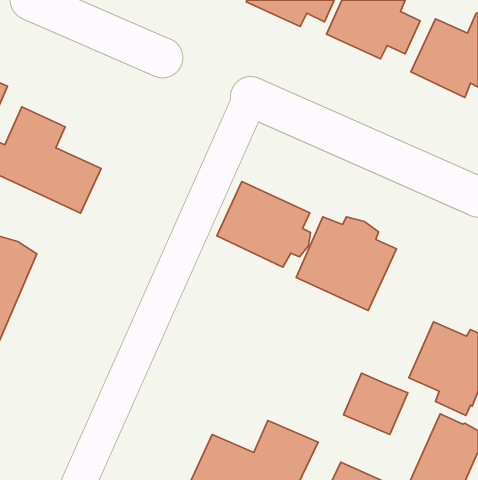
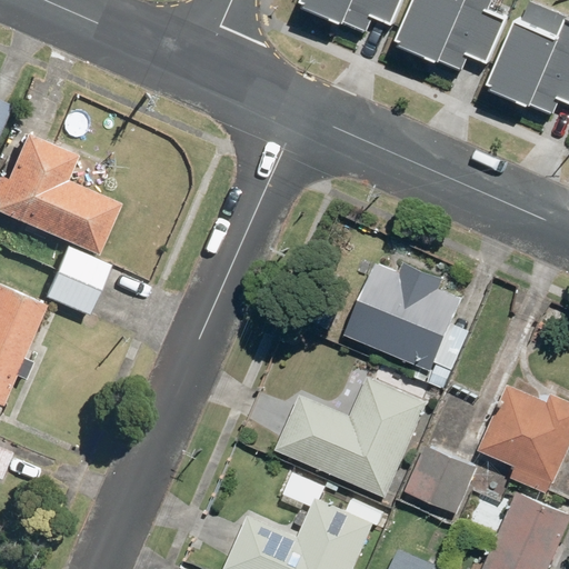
building: [217,181,310,267] -> none
building: none -> [42,244,109,313]
building: none -> [277,376,427,498]

